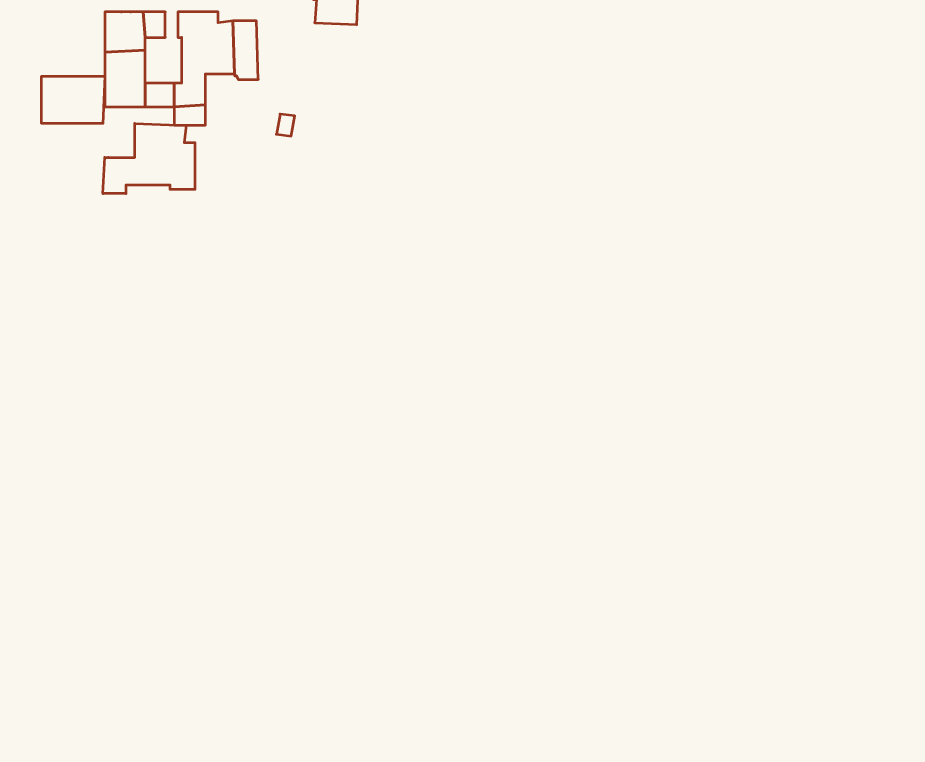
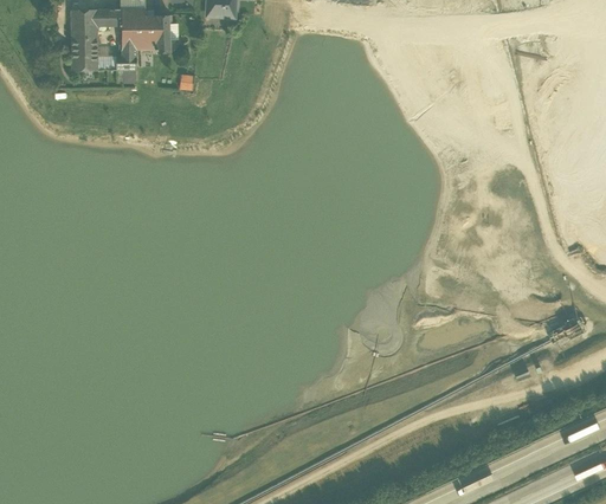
building: [42,76,105,123] -> none
building: [103,123,195,194] -> none

